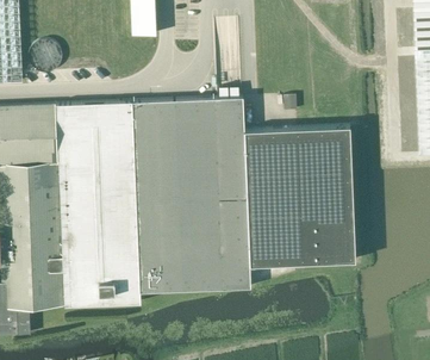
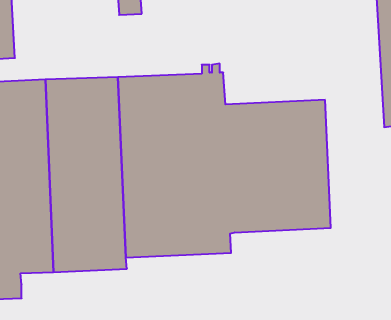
building: [32,41,61,70] -> none

